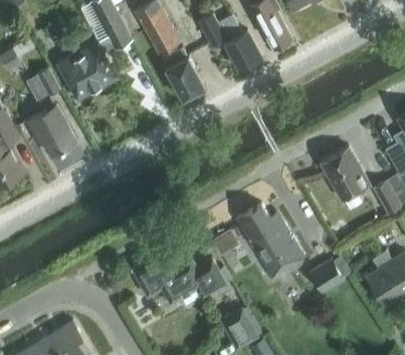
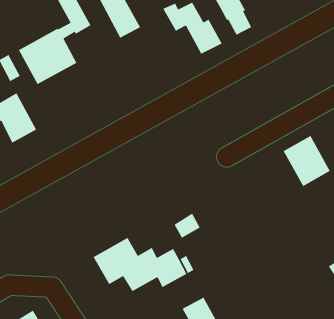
building: [163,49,205,100] -> none
building: [236,206,305,279] -> none
building: [311,261,344,294] -> none

